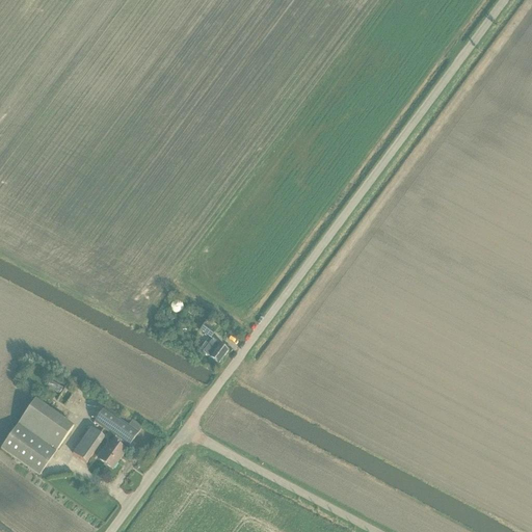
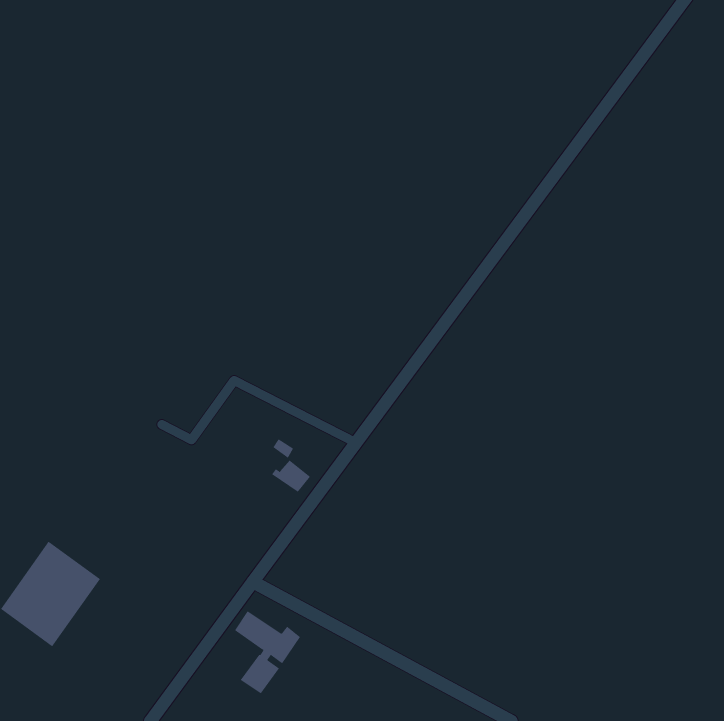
building: [94,405,142,467] -> [234,610,301,694]
building: [73,425,104,460] -> none

